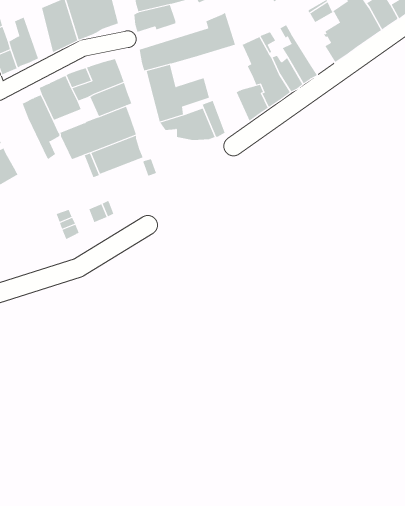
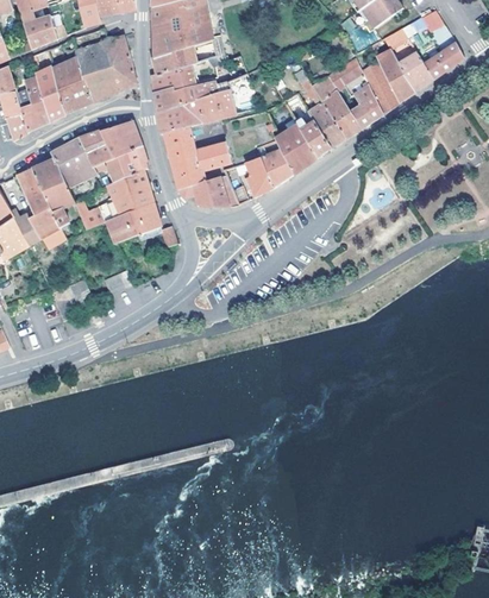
building: none -> [35,65,65,120]
building: none -> [313,70,364,138]
building: none -> [155,78,230,111]
building: none -> [245,156,274,196]
building: none -> [18,168,61,243]

